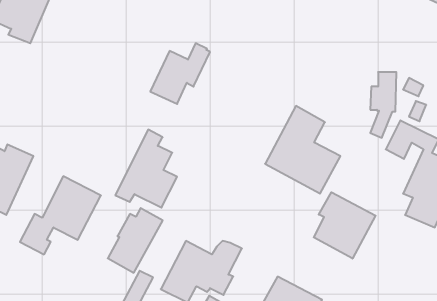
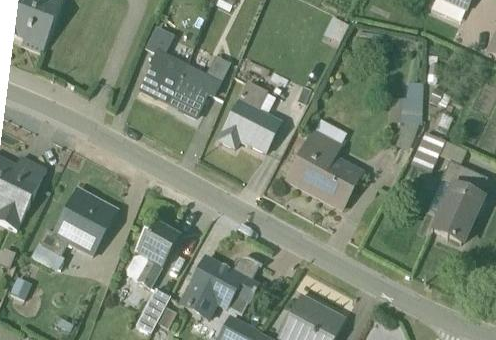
building: none -> [138,23,187,102]
building: [115,130,177,208] -> [219,72,283,153]
building: [314,192,376,259] -> none

